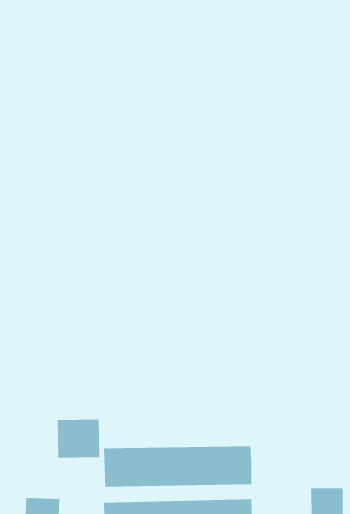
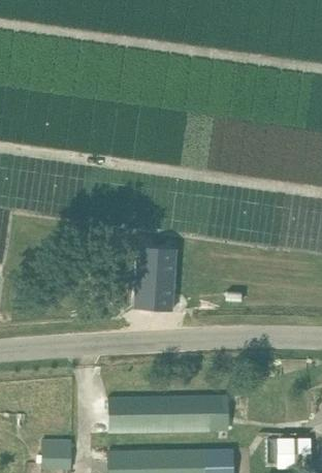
building: none -> [133,246,175,312]
building: [57,419,100,459] -> none

